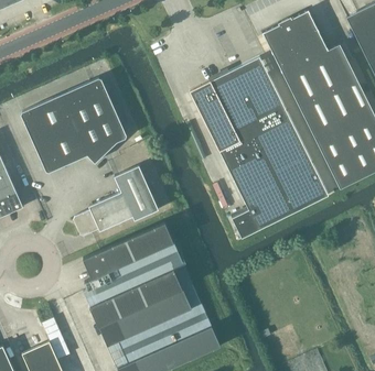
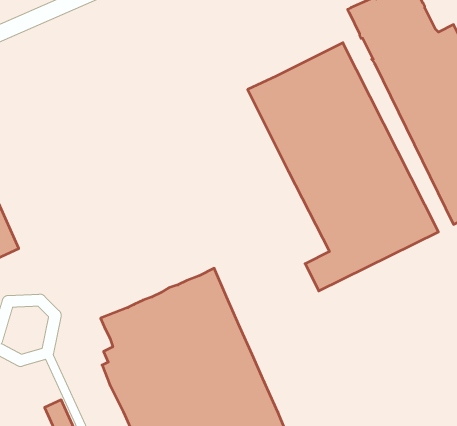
building: [21,78,127,172] -> none
building: [74,165,159,236] -> none

